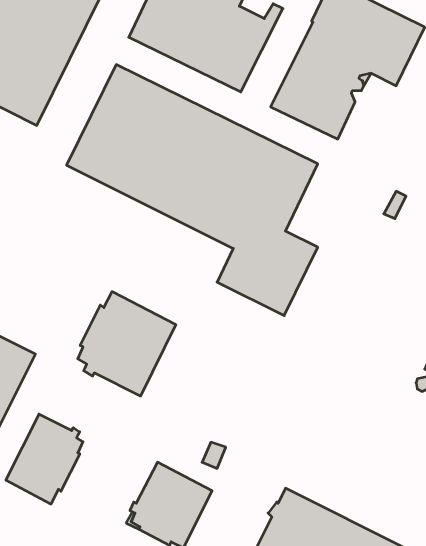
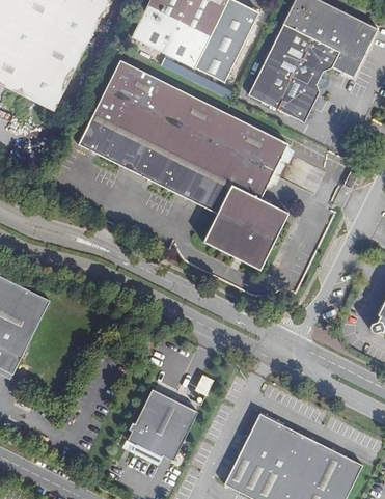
building: [78,292,176,396] -> none
building: [6,414,83,504] -> none

